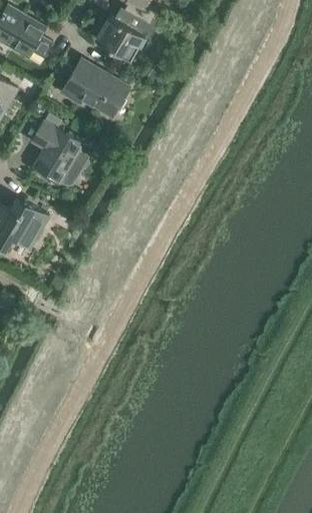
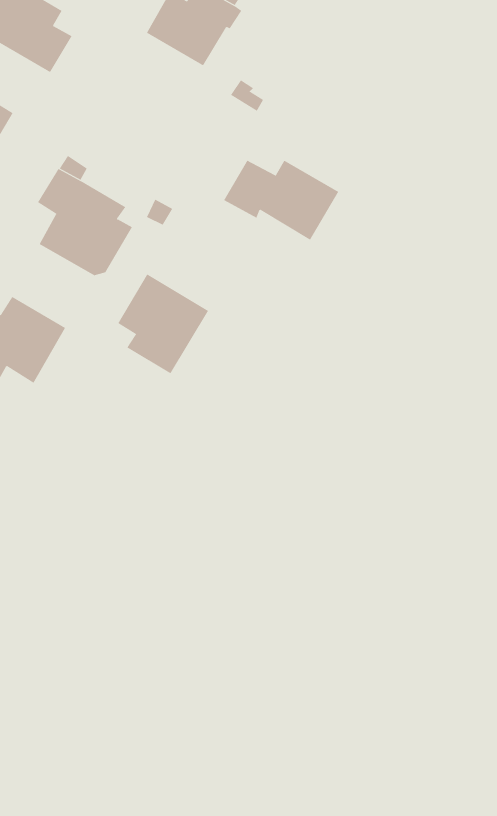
building: [60,69,129,117] -> [223,160,339,240]
building: none -> [118,273,209,374]

